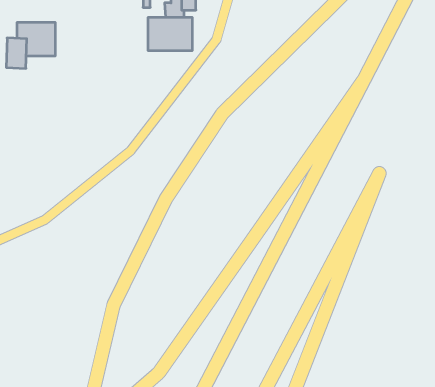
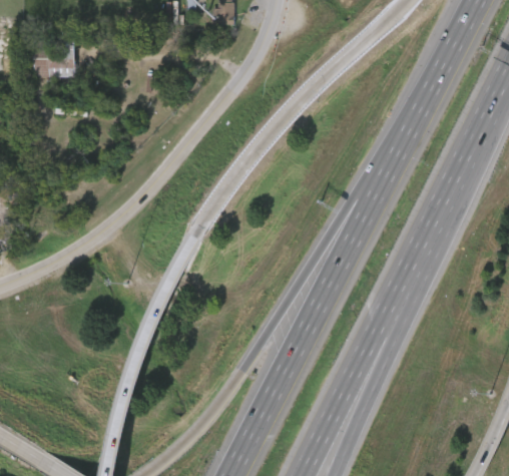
building: [148,17,192,51] -> none

